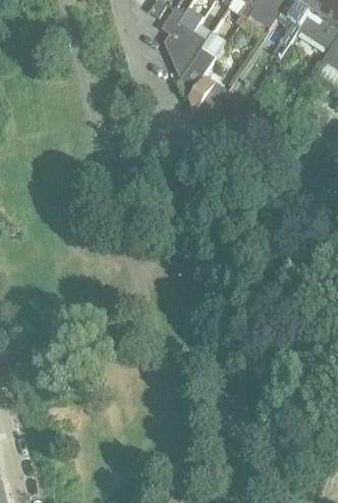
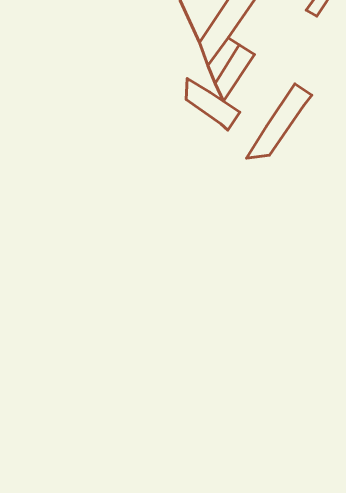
building: none -> [186,78,240,130]
building: none -> [246,84,312,158]

